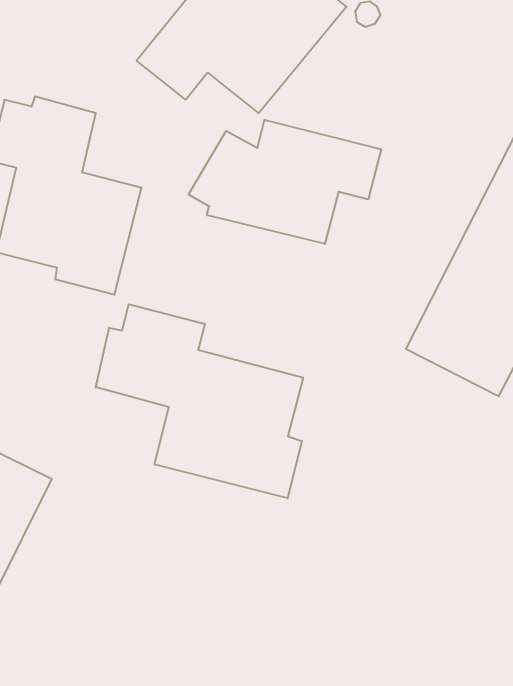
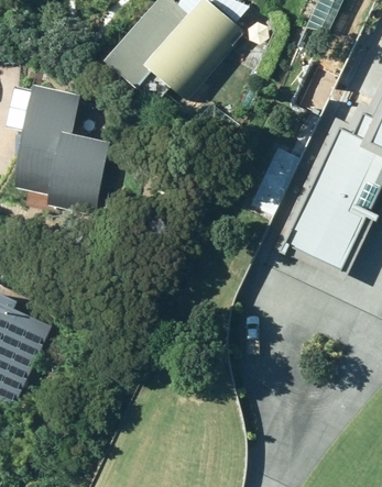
building: [189,120,381,244] -> none
building: [96,304,303,498] -> none

